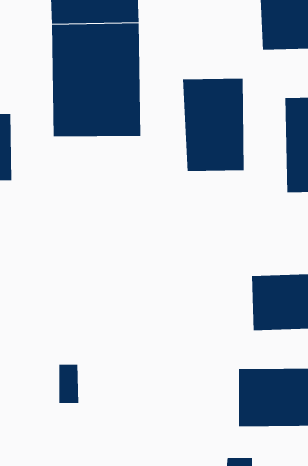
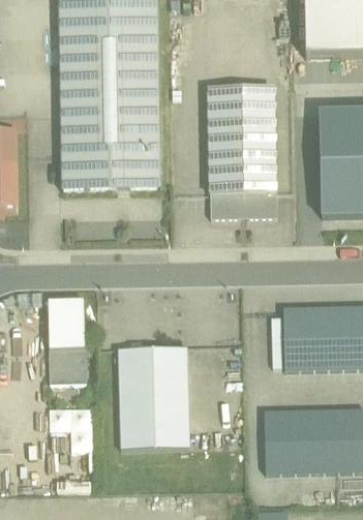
building: none -> [61,152,159,185]
building: none -> [210,190,276,216]
building: none -> [50,304,85,384]
building: none -> [118,343,188,447]

